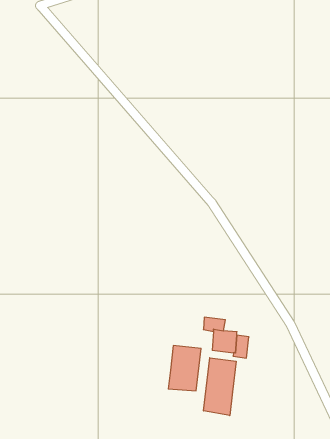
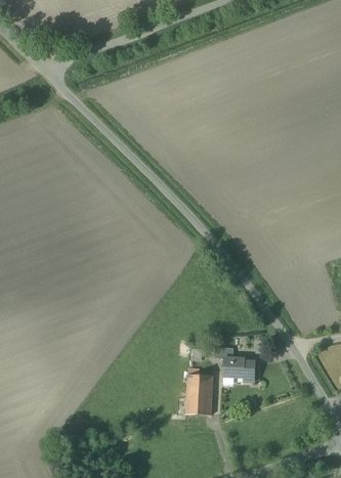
building: [204,358,236,416] -> none

